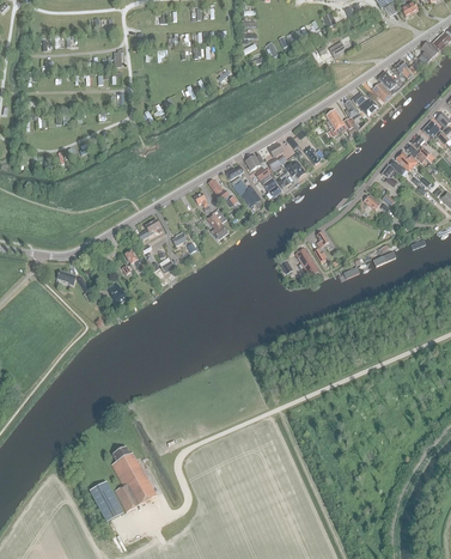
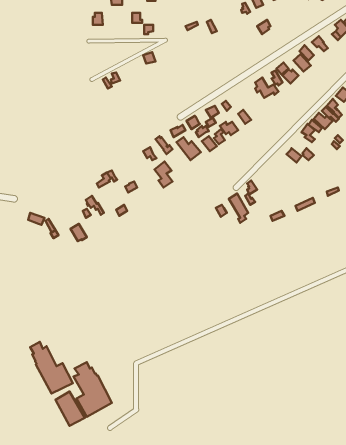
building: none -> [30,342,73,393]

